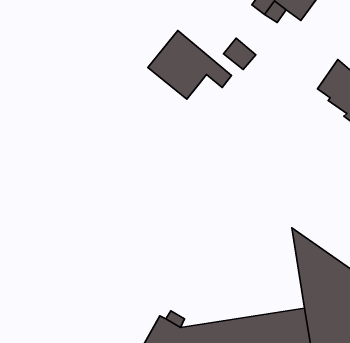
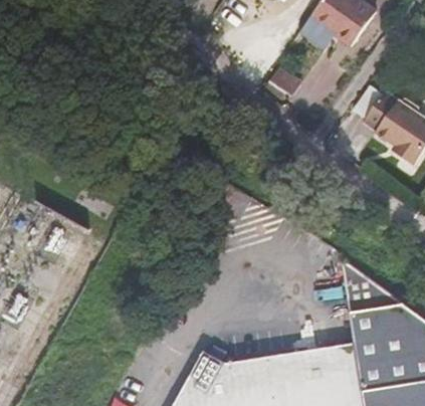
building: [148,31,232,99] -> none

